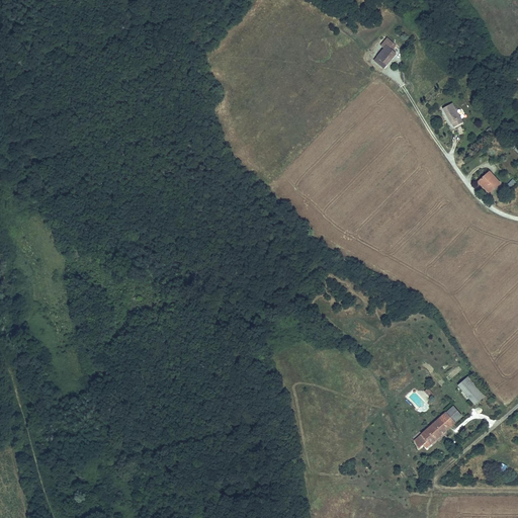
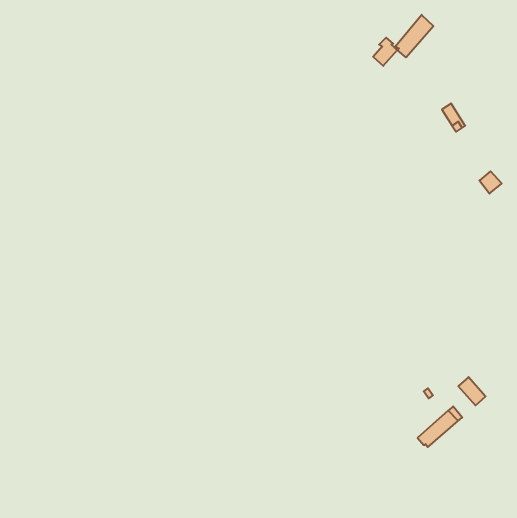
building: none -> [395,15,433,57]

